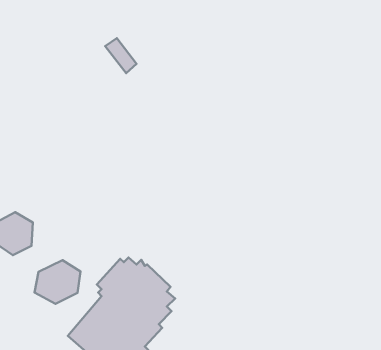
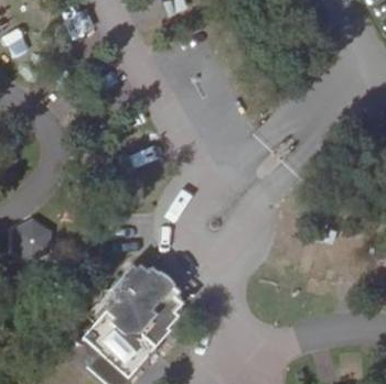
building: [34,260,81,304] -> none

